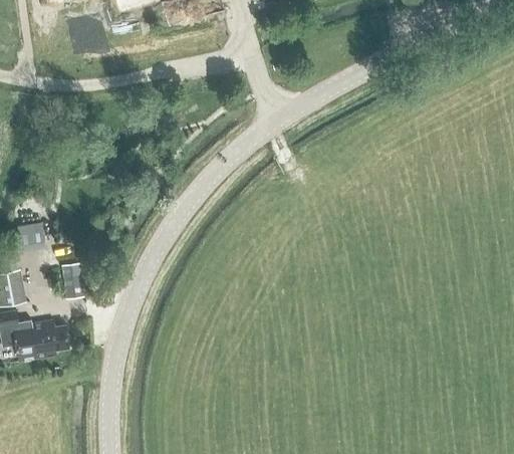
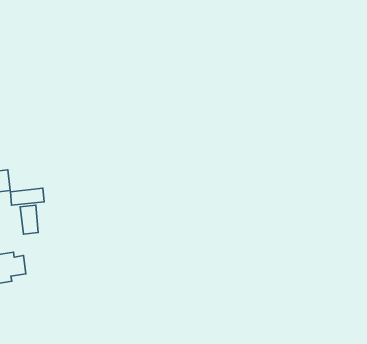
building: none -> [10,188,44,205]

